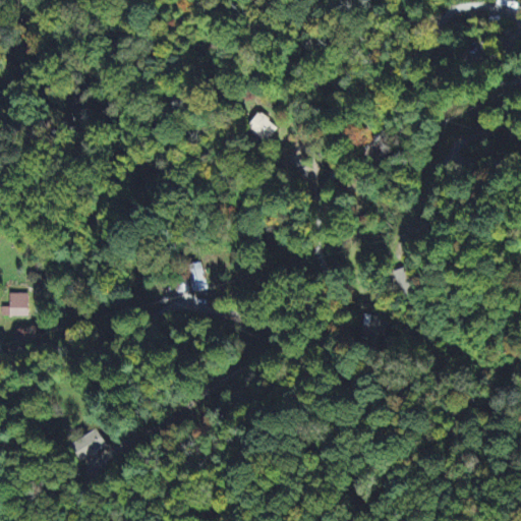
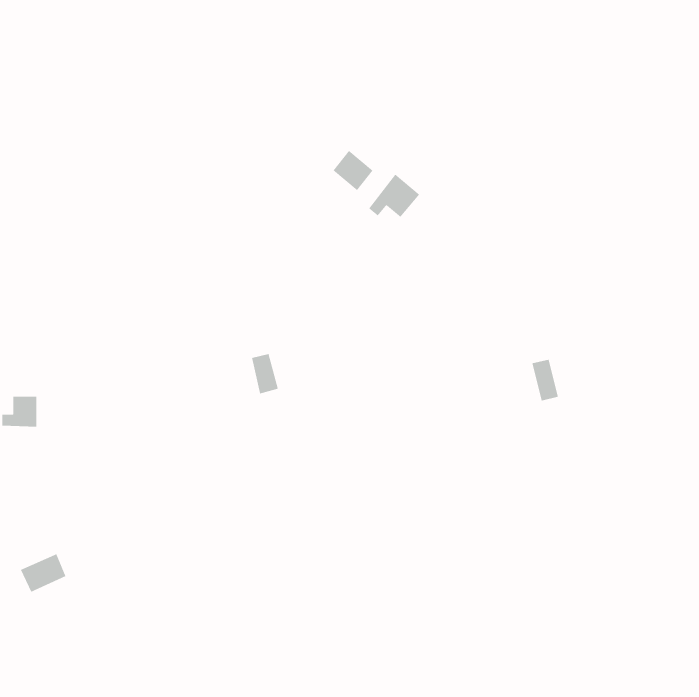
building: none -> [368,174,420,218]
building: [71,429,106,459] -> [20,553,66,593]

